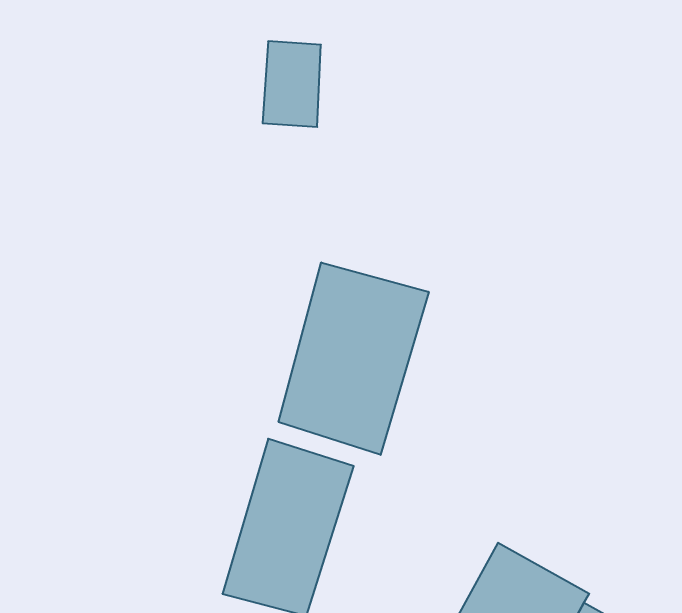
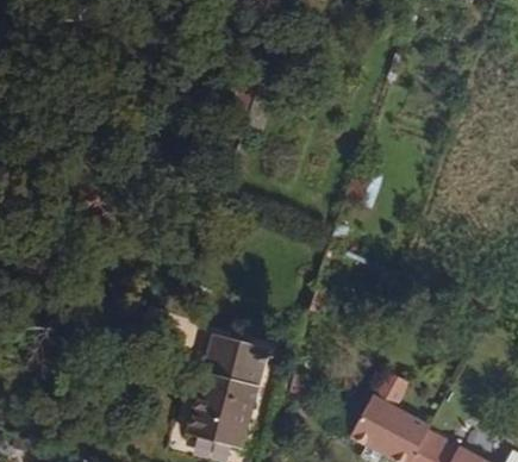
building: [279,262,429,455] -> none

